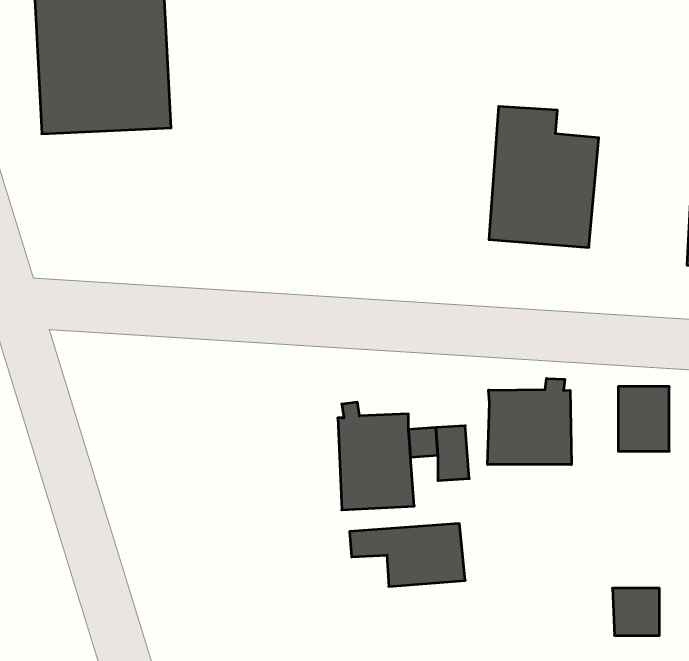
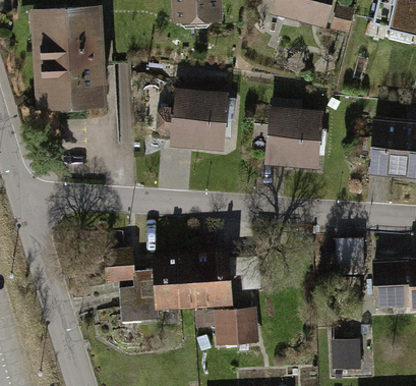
building: none -> [159,88,230,151]
building: [488,378,571,465] -> none
building: none -> [104,254,192,323]

